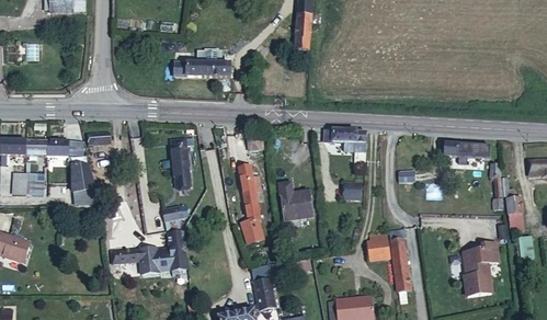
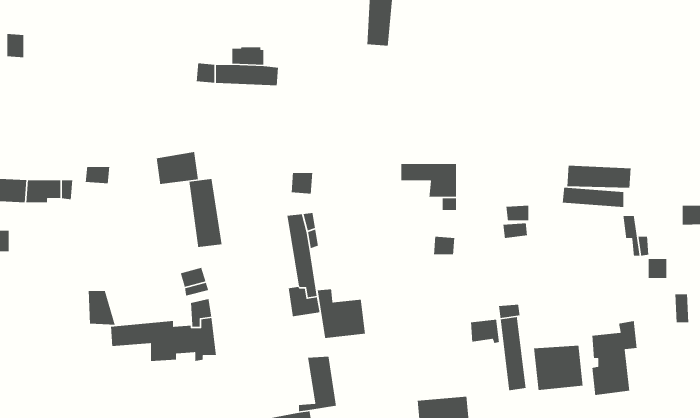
building: none -> [156,151,199,185]
building: [73,165,94,192] -> [88,290,116,326]
building: [276,184,312,221] -> [317,288,366,339]
building: none -> [533,345,583,391]

